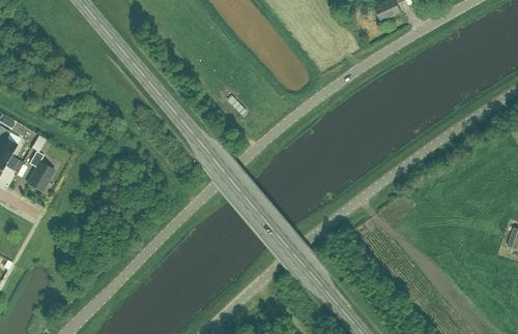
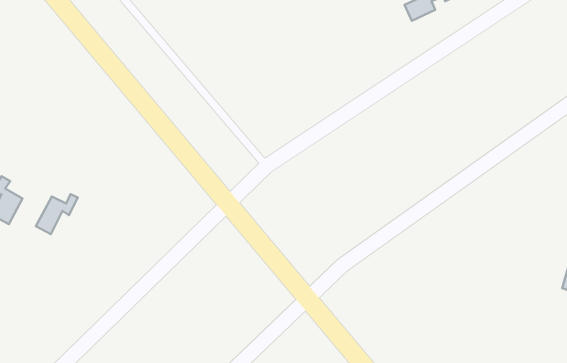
building: none -> [36,194,78,234]

